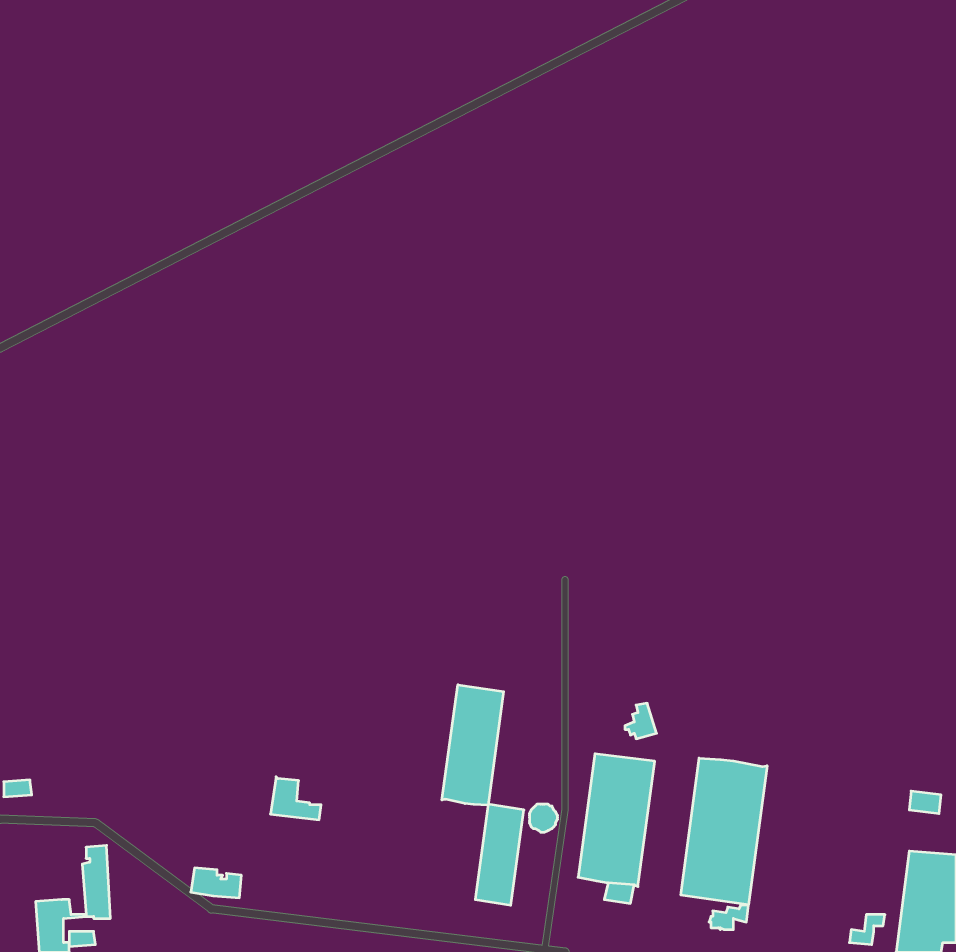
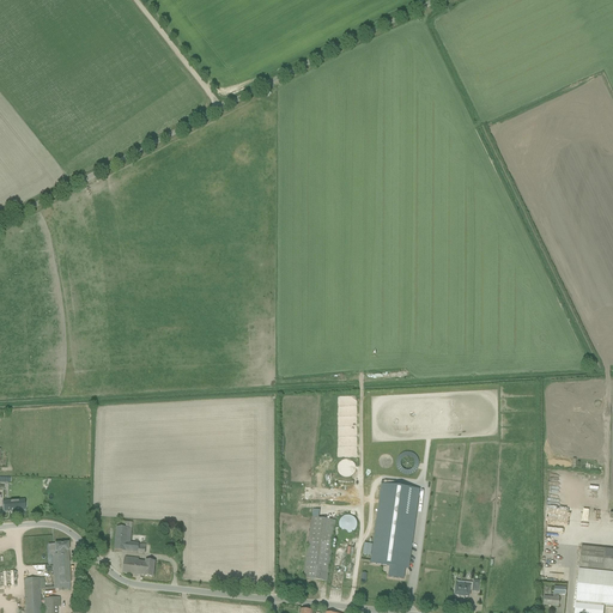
building: [442,685,504,805] -> none
building: [681,758,767,905] -> none
building: [270,777,321,820] -> [114,524,146,552]

